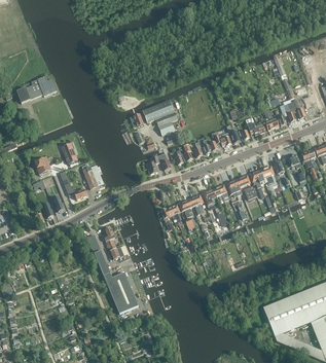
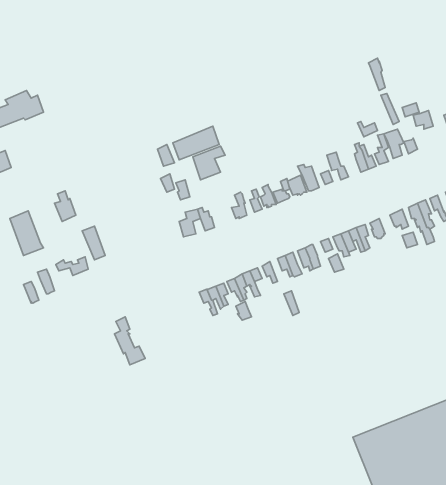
building: [87,233,139,313] -> none

